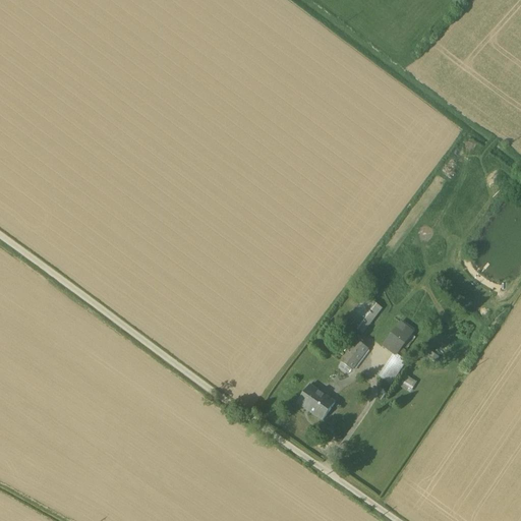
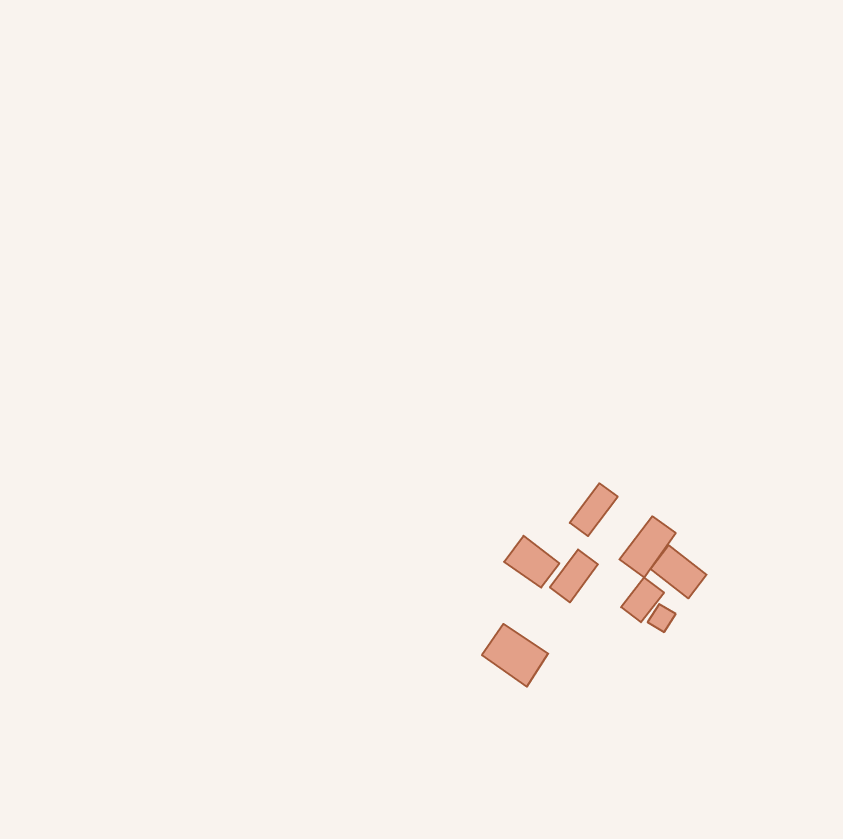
building: none -> [504,536,559,588]
building: none -> [650,545,707,598]

